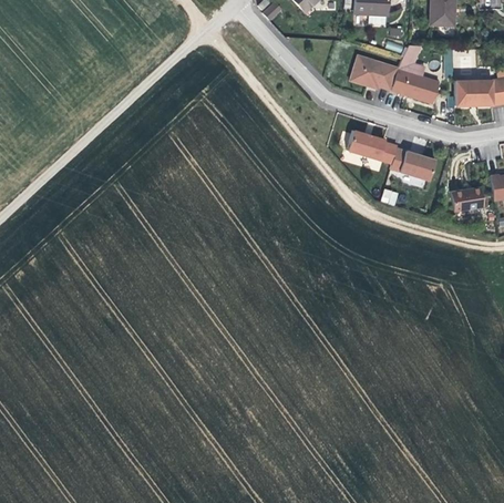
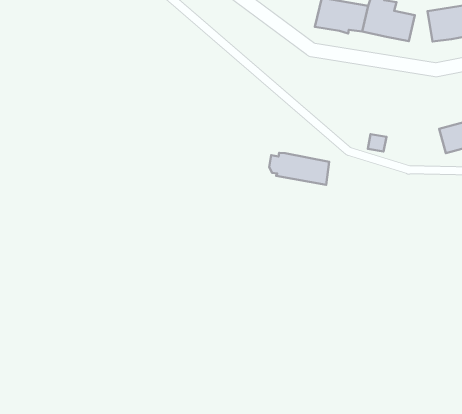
building: [342,131,399,166] -> [269,153,329,185]
building: [401,152,438,183] -> none

